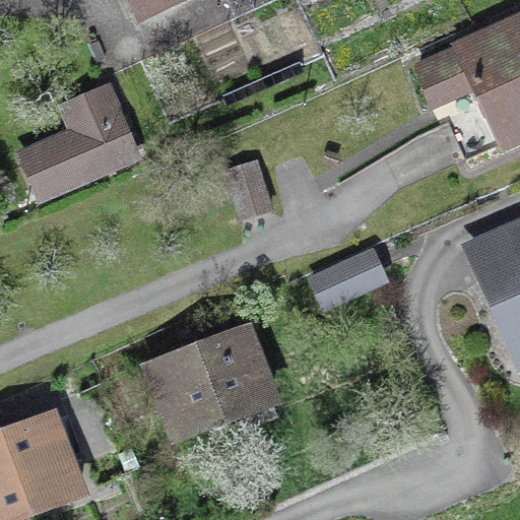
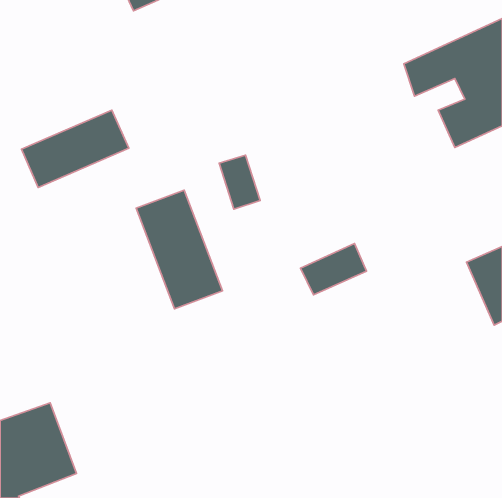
building: none -> [136,190,222,309]
building: [150,330,271,435] -> none

